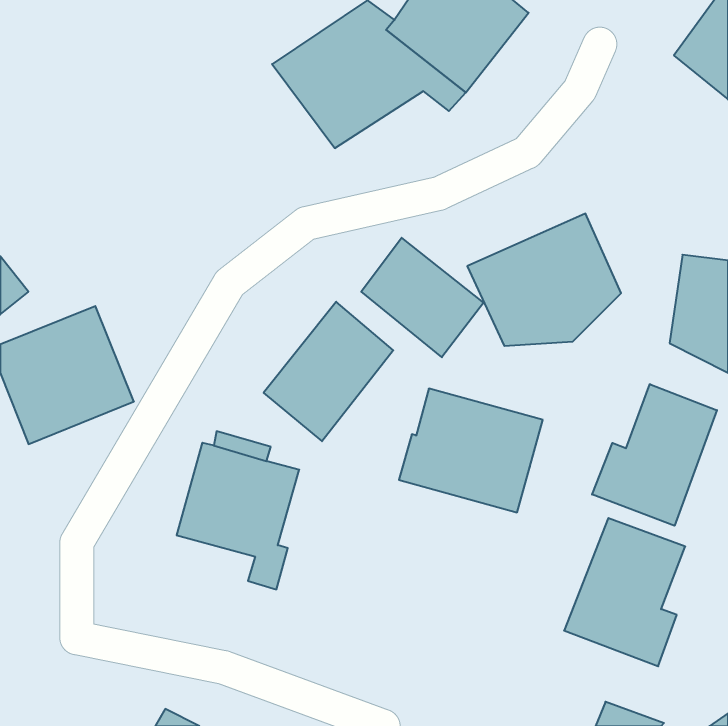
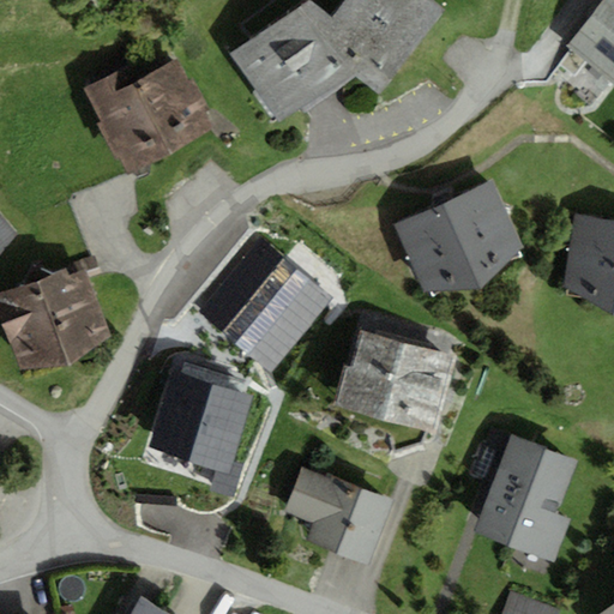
building: none -> [85,60,216,174]
building: [361,238,484,357] -> none
building: [592,384,717,526] -> none
building: none -> [283,468,393,562]

